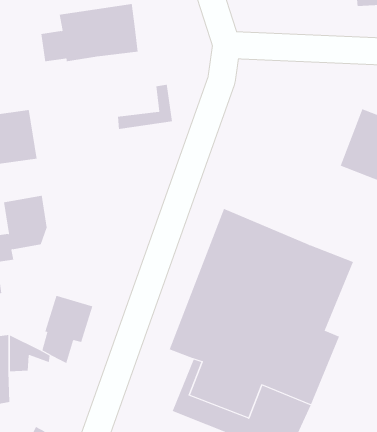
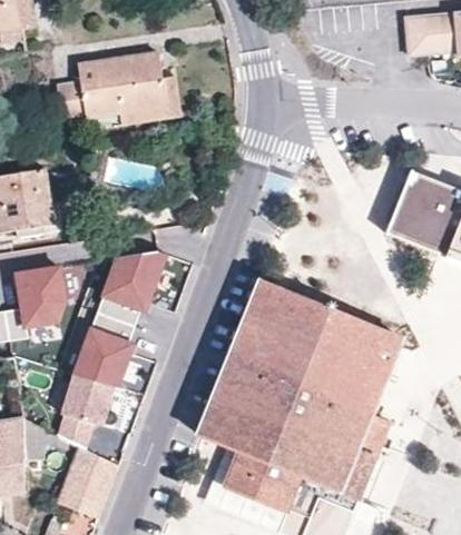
building: [117,84,173,130] -> [120,75,182,125]
building: none -> [75,249,167,386]
building: none -> [58,445,119,516]

